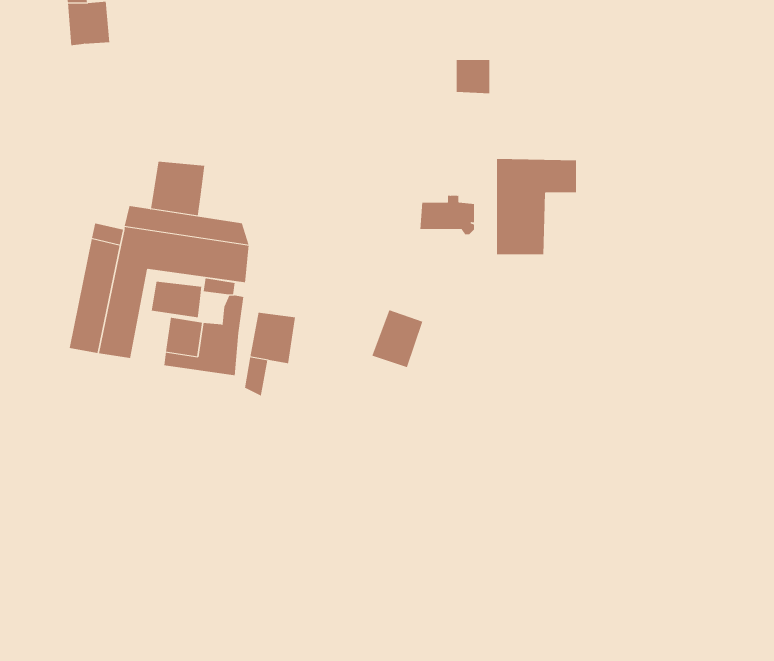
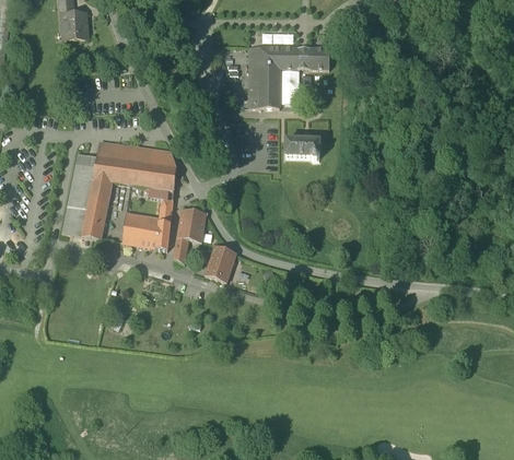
building: [496,159,577,255] -> [249,47,301,108]
building: [151,161,205,216] -> none
building: [151,281,202,318] -> none
building: [372,309,423,368] -> [205,245,237,282]

